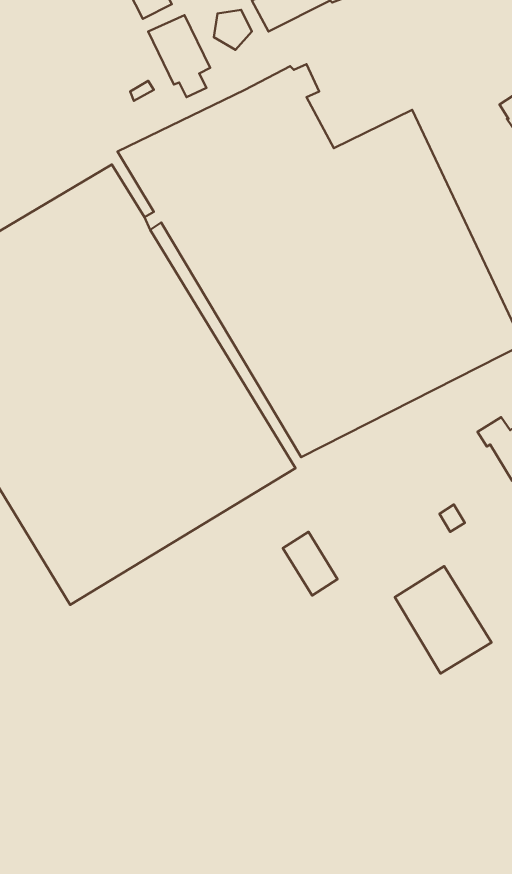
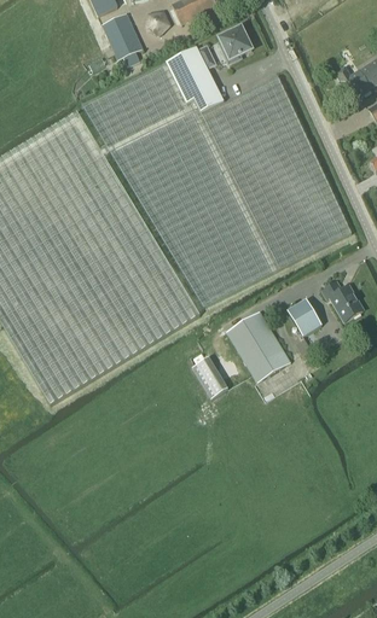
building: none -> [219,28,251,64]
building: none -> [286,299,321,337]
building: [395,566,491,673] -> [226,310,290,381]

